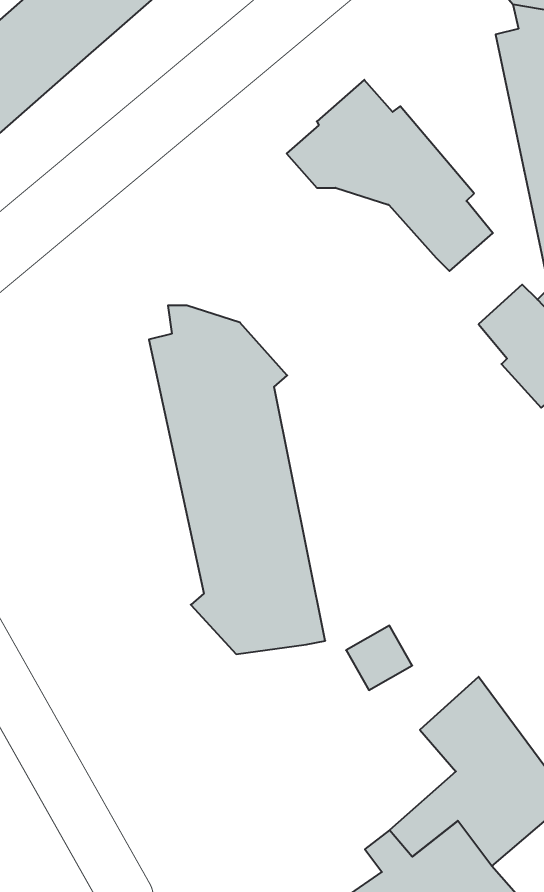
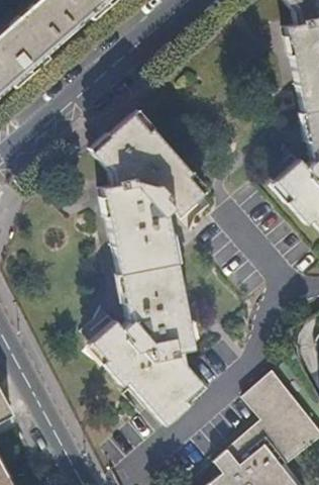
building: [287,80,493,271] -> [93,111,203,213]
building: none -> [92,322,204,424]

